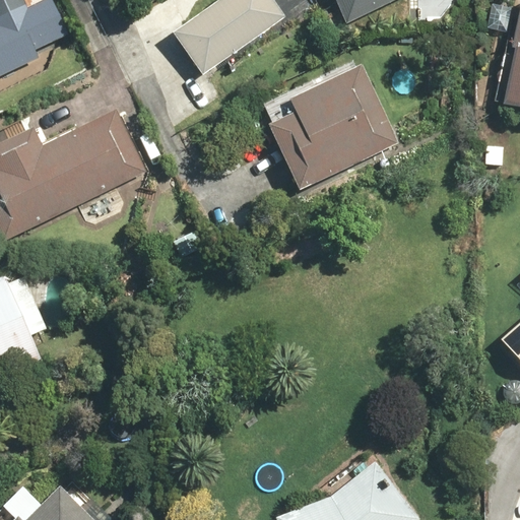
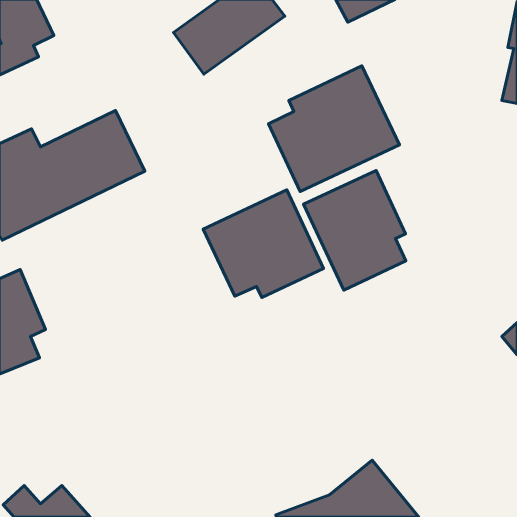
building: none -> [303,170,406,290]
building: none -> [203,190,324,297]

